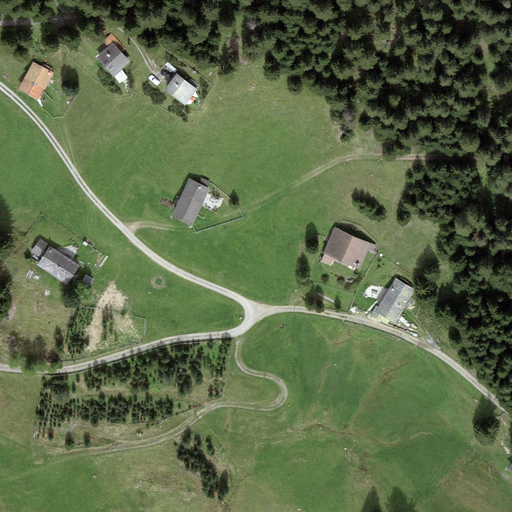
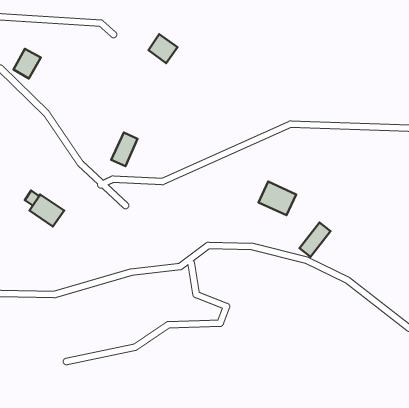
building: [95,42,131,77] -> none
building: [161,72,197,108] -> [149,34,177,63]
building: [174,180,207,222] -> [111,133,138,166]

